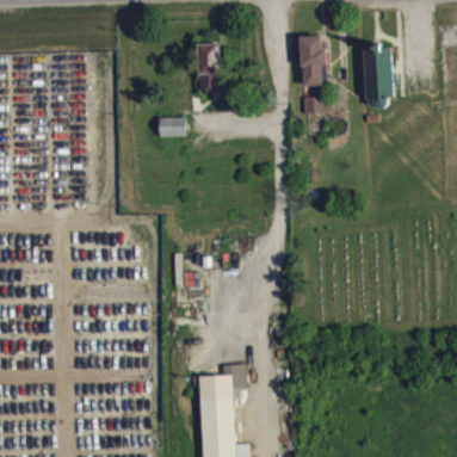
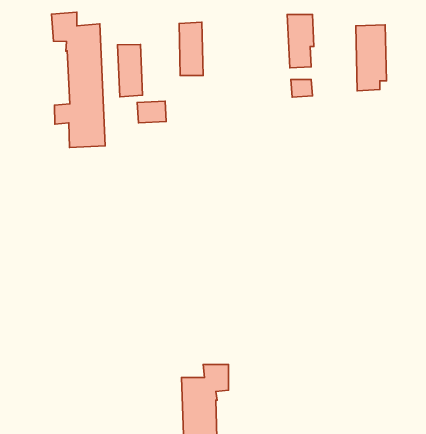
building: none -> [51,12,105,147]
building: none -> [118,45,143,97]

